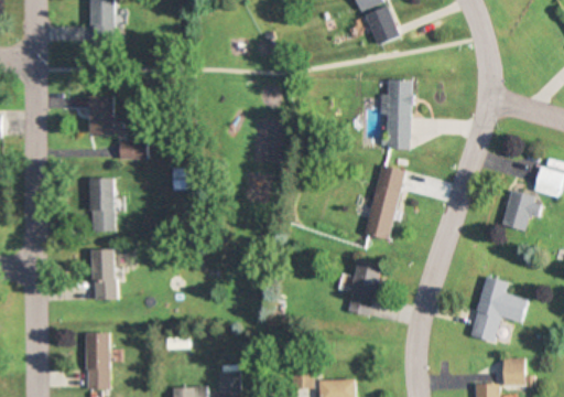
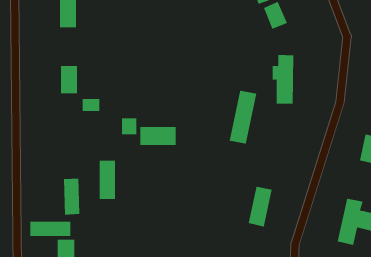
building: [366,164,404,238] -> [229,90,257,144]
building: [93,178,116,232] -> [99,160,116,200]
building: none -> [140,126,176,146]
building: none -> [30,221,71,237]

